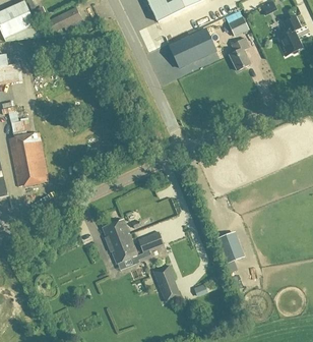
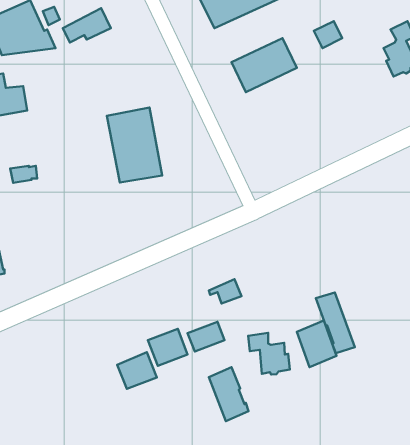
building: [229,37,250,70] -> none
building: [8,131,48,185] -> [107,107,162,183]
building: none -> [316,293,355,353]
building: [102,218,130,244] -> [117,352,157,389]
building: none -> [248,333,290,374]

